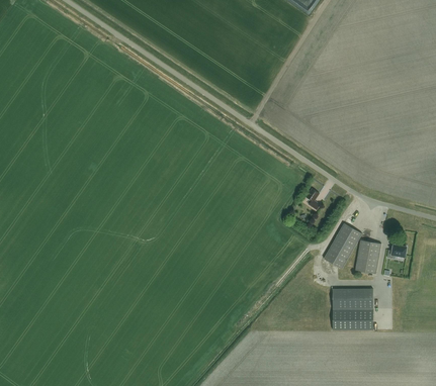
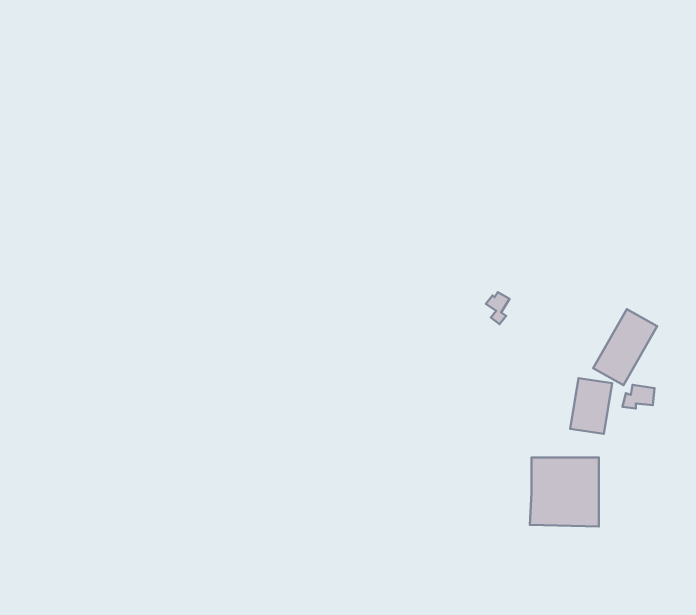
building: [323,223,361,269] -> [593,309,657,385]

